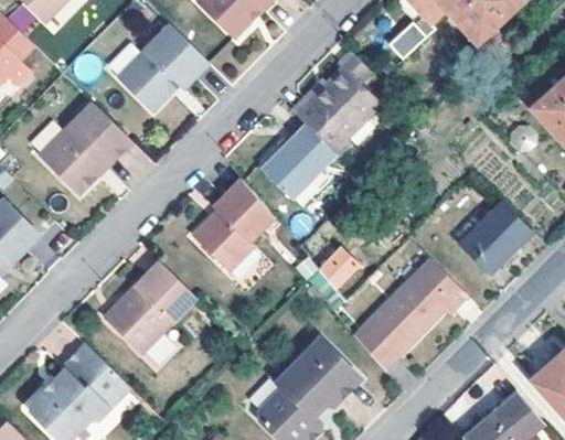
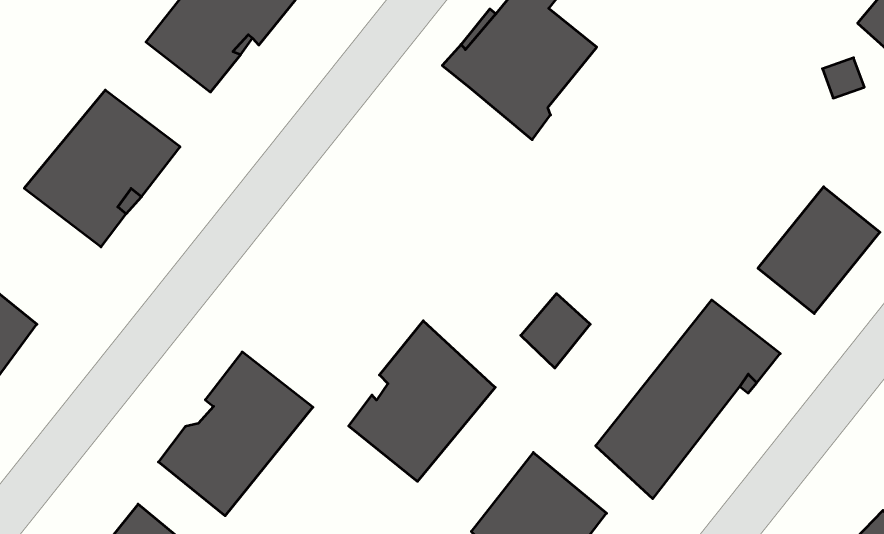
building: [259,122,337,201] -> none
building: [192,181,279,273] -> [349,321,495,481]

